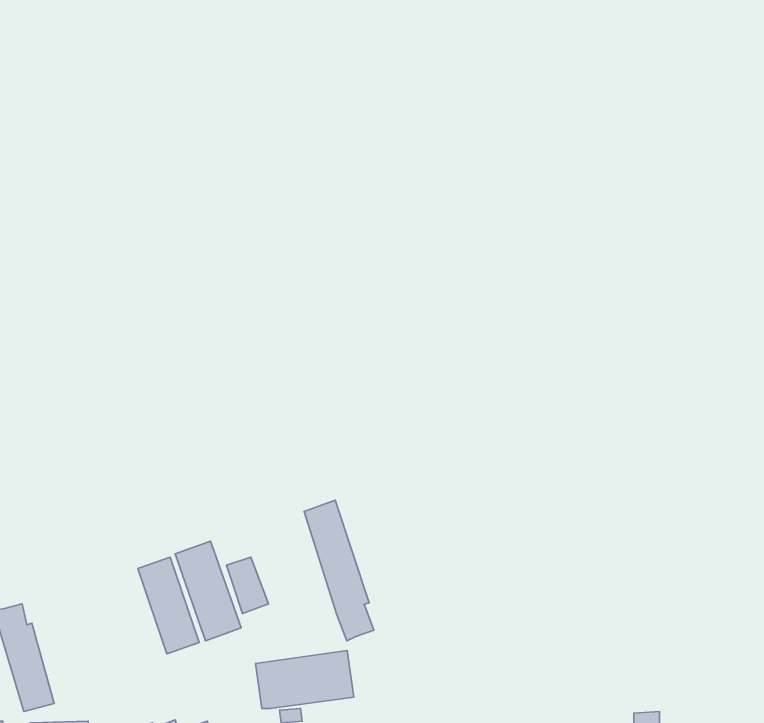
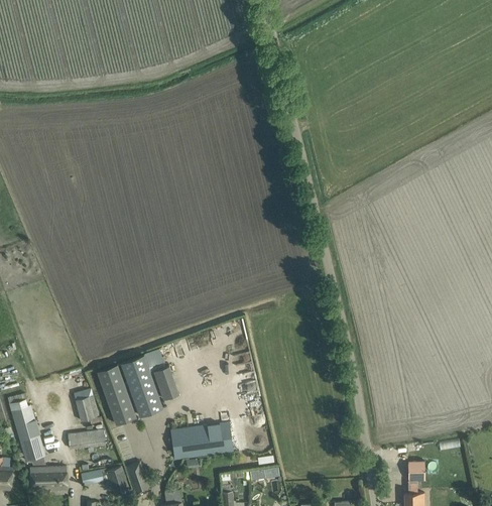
building: [304,500,374,641] -> none
building: none -> [74,390,99,421]
building: none -> [68,429,106,449]

